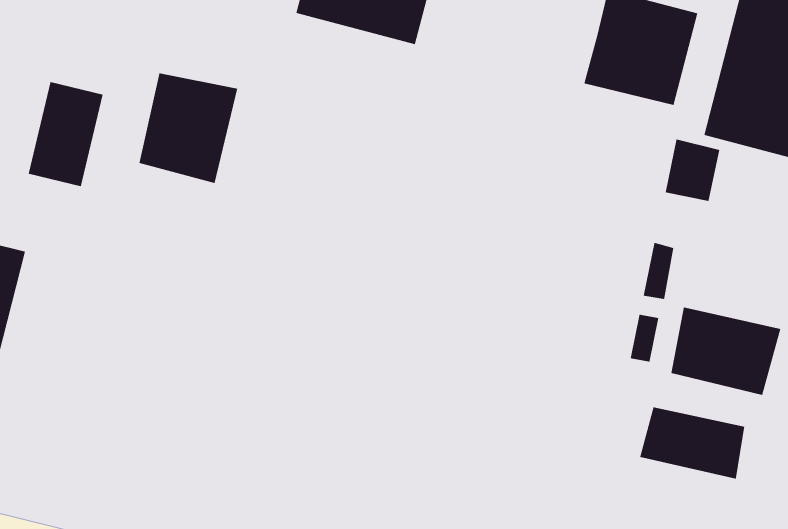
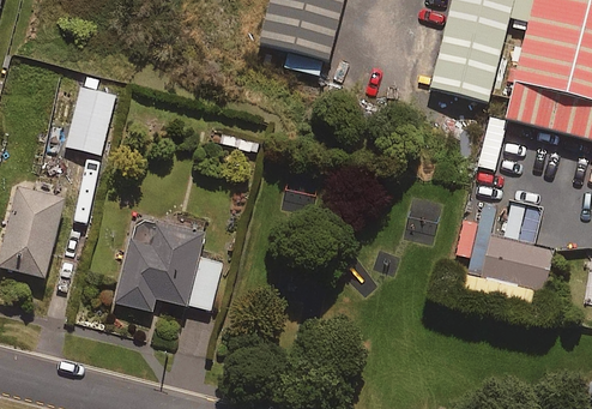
building: [139,73,238,184] -> none
building: none -> [115,216,223,312]
building: [640,406,745,479] -> none

